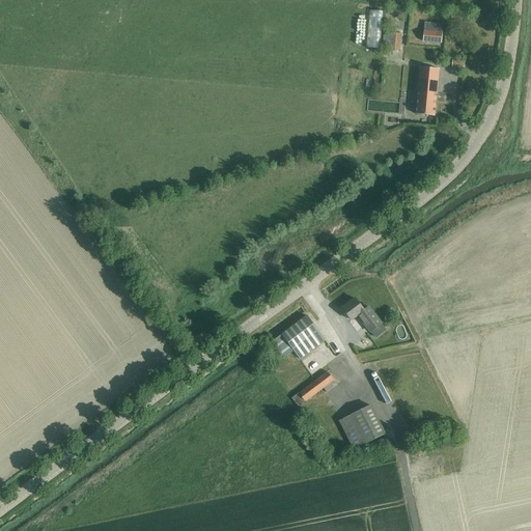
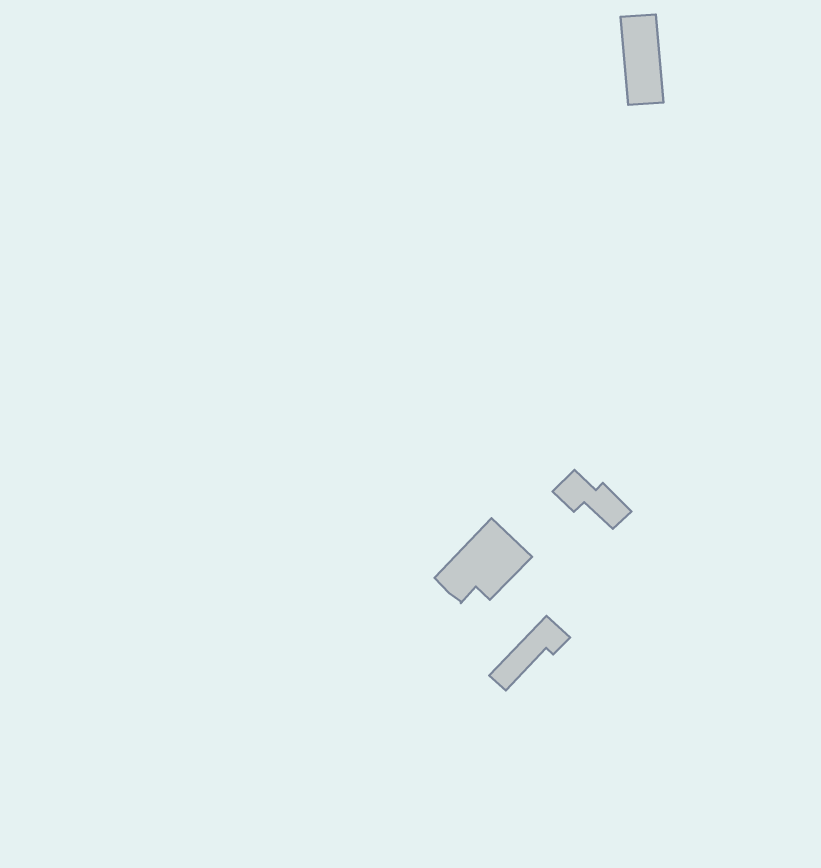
building: [341,404,385,447] -> none

